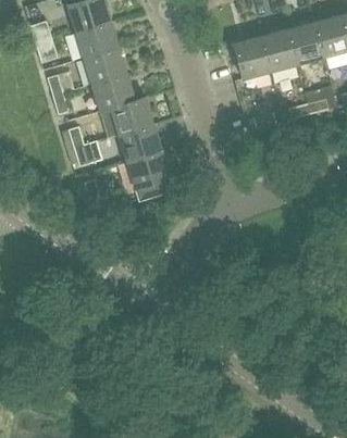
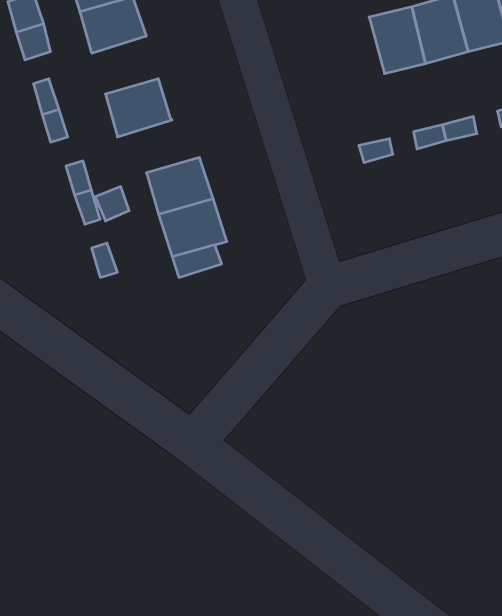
building: [233,35,270,78] -> none
building: [84,47,126,84] -> none
building: [100,96,152,134] -> none

